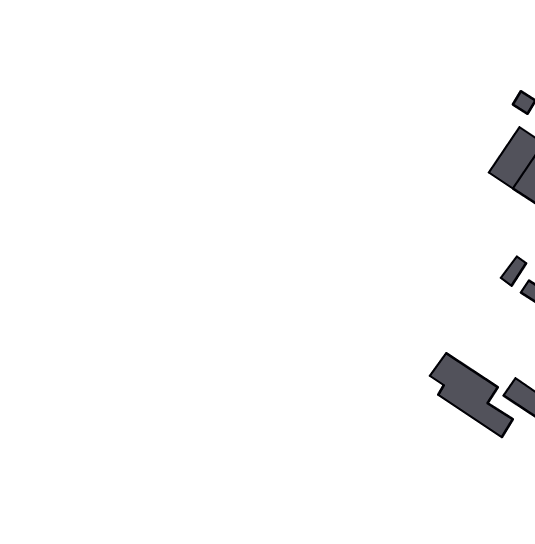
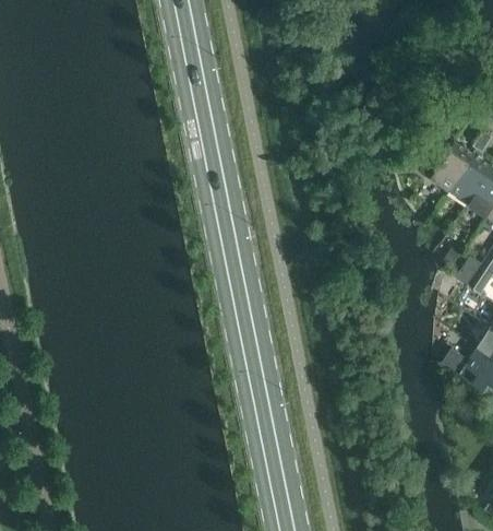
building: [430,353,513,437] -> none

